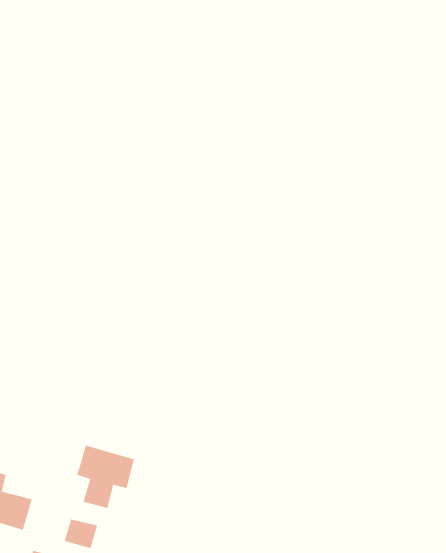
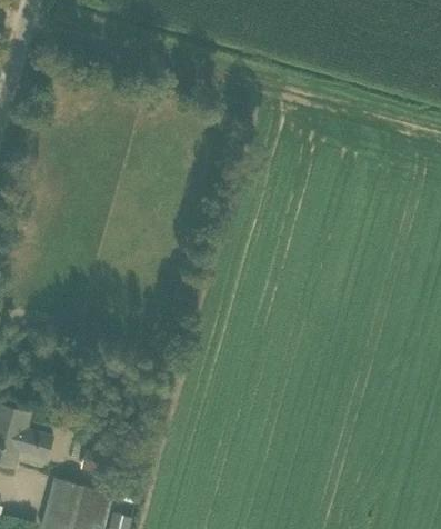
building: [77,445,135,509] -> none

